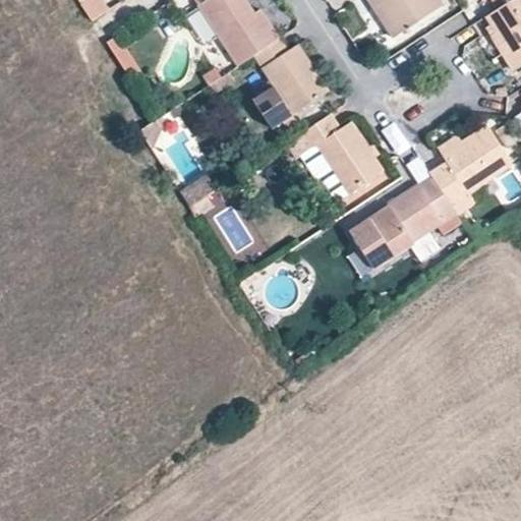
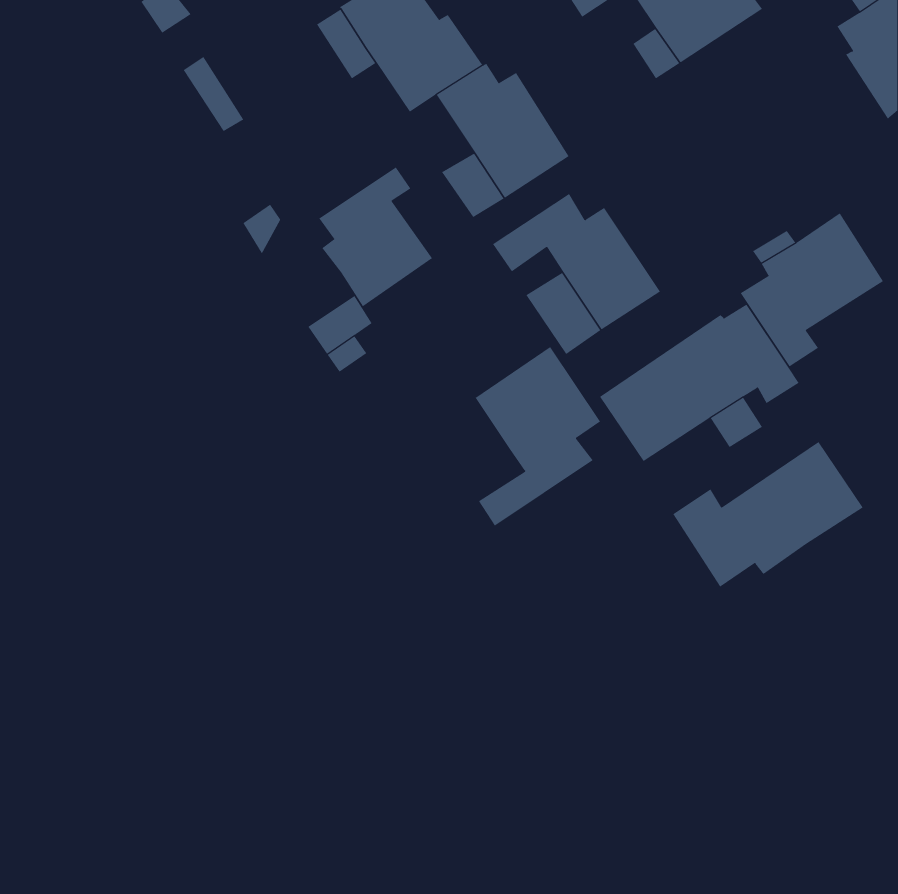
building: none -> [319,166,433,307]
building: none -> [475,346,601,527]
building: none -> [673,441,864,588]

